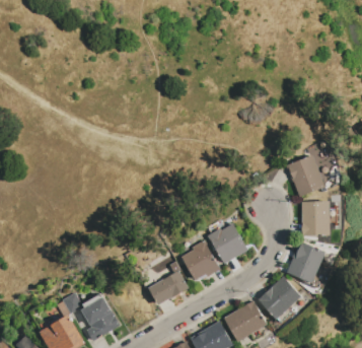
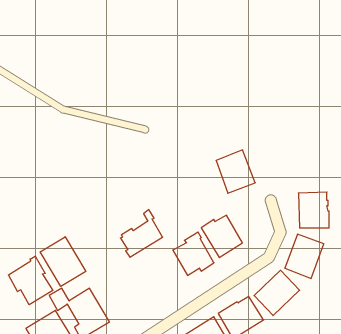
building: [287,155,324,197] -> [216,150,255,193]
building: none -> [40,237,86,286]
building: [148,262,189,307] -> [120,210,163,257]
building: none -> [8,256,53,305]

